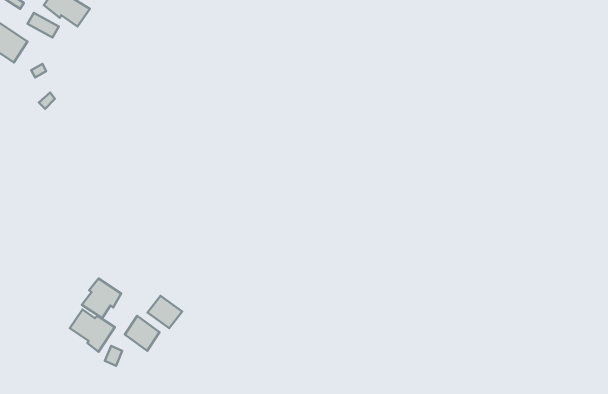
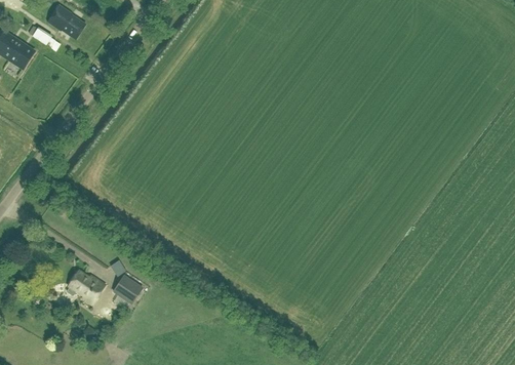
building: [82,279,121,318] -> none
building: [148,296,182,328] -> none

